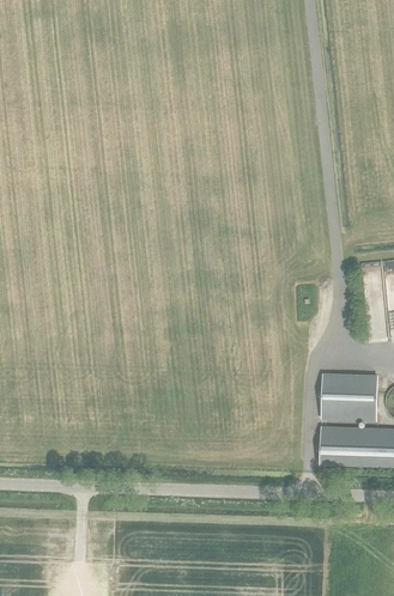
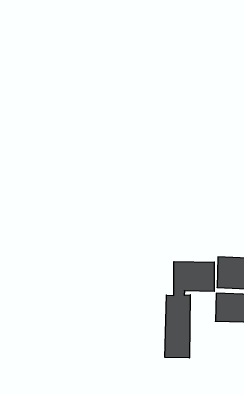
building: none -> [165,262,214,358]

